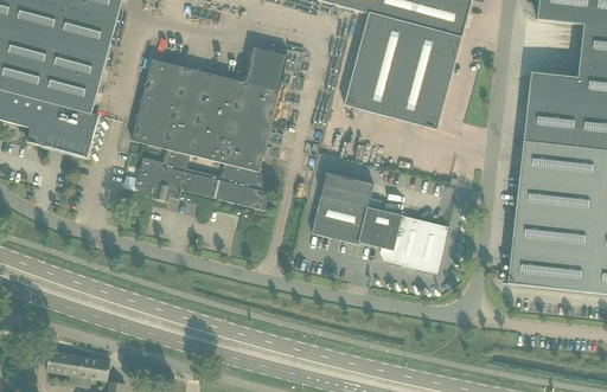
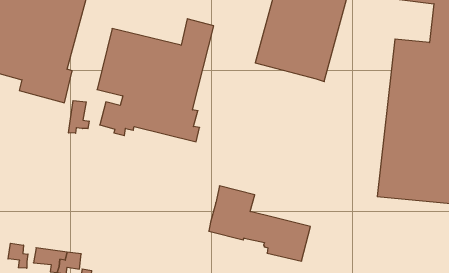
building: none -> [69,101,89,133]
building: [312,172,448,272] -> [209,186,310,261]
building: none -> [8,243,28,268]

